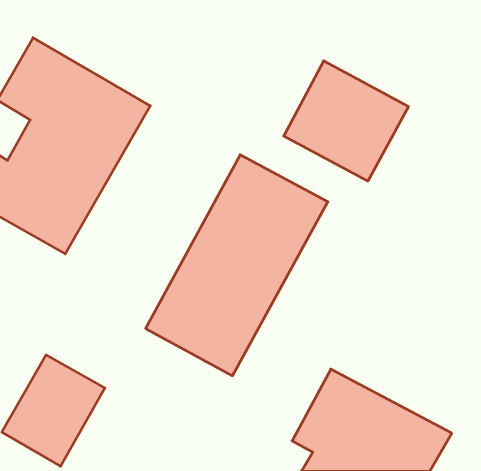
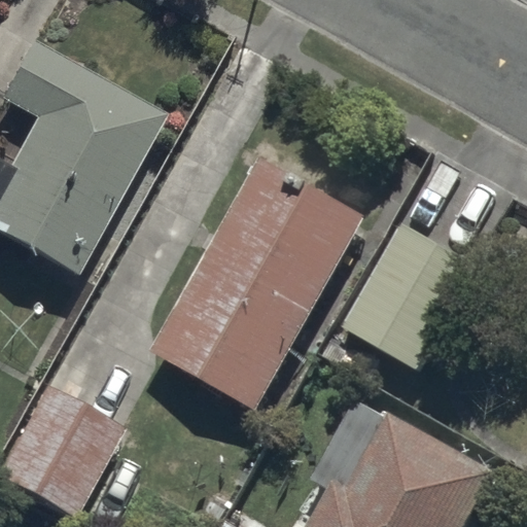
building: [284,61,408,181] -> none
building: none -> [347,219,473,366]

